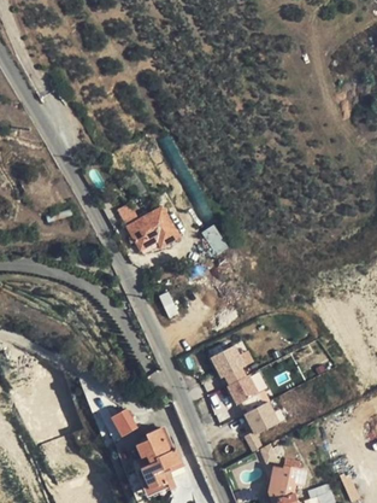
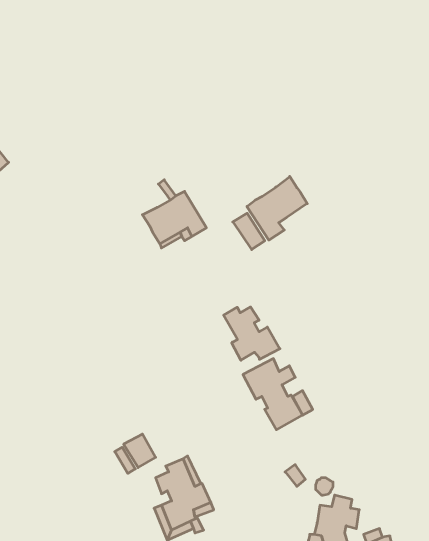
building: none -> [247,176,307,240]
building: none -> [224,307,280,360]
building: [245,402,277,432] -> none

